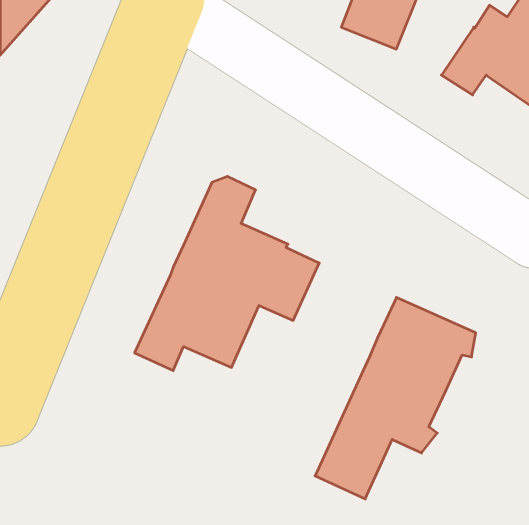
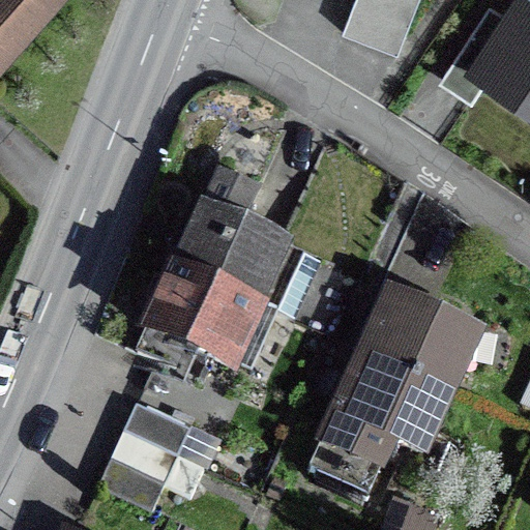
building: none -> [98,403,204,509]

